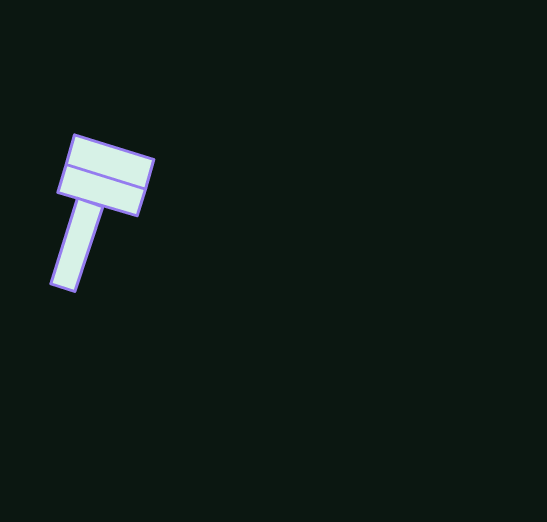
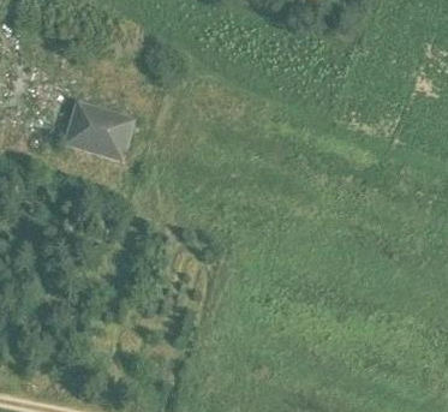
building: [51,198,103,291] -> none

